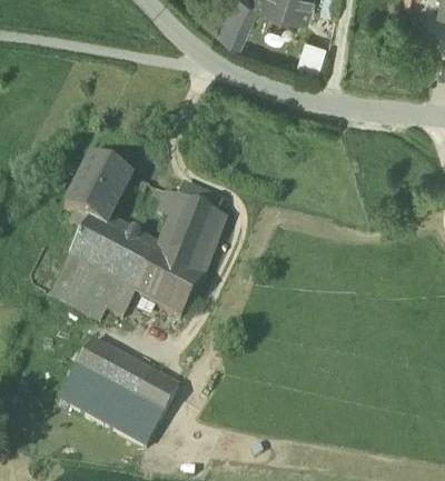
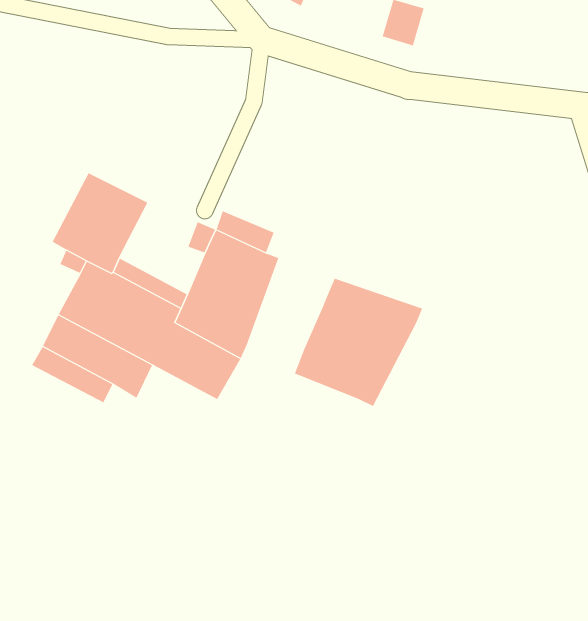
building: none -> [294,278,423,407]
building: [61,340,180,445] -> none

